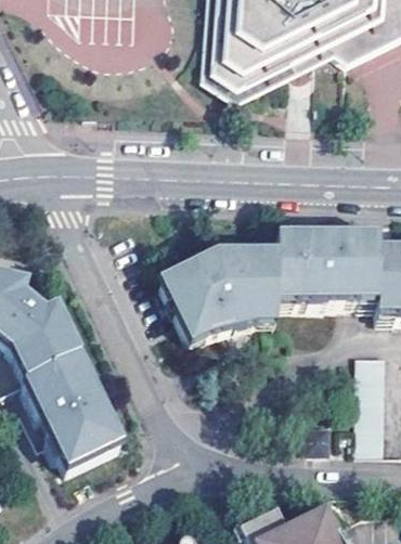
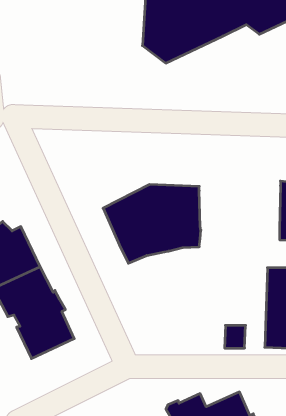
building: [275,225,377,302] -> none

